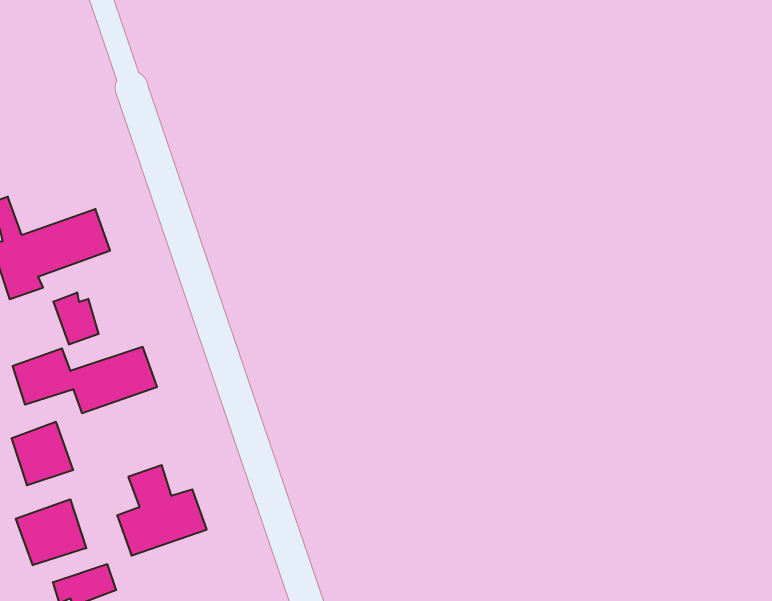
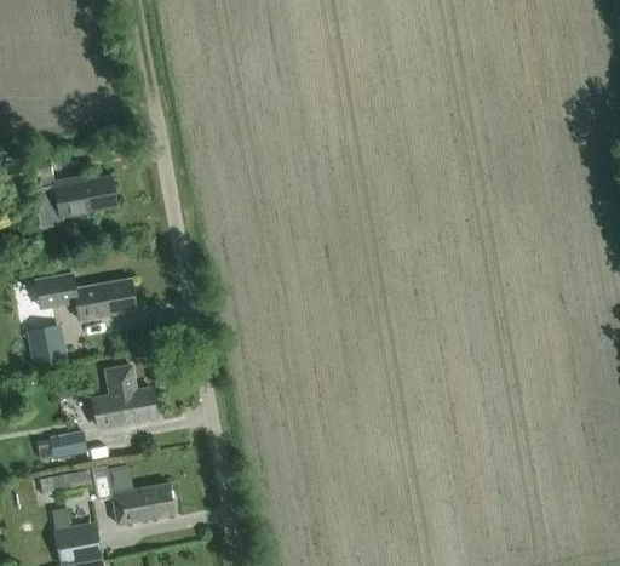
building: [53,292,99,345] -> none
building: [16,499,86,565] -> none

